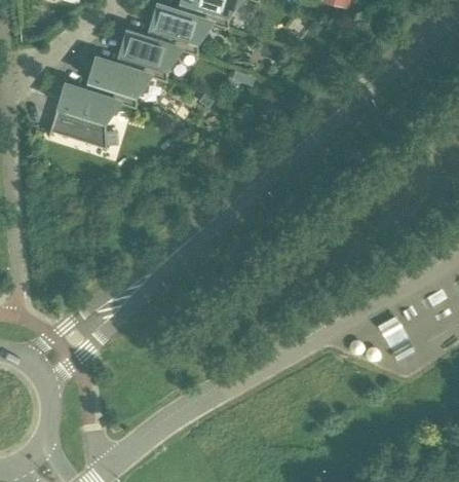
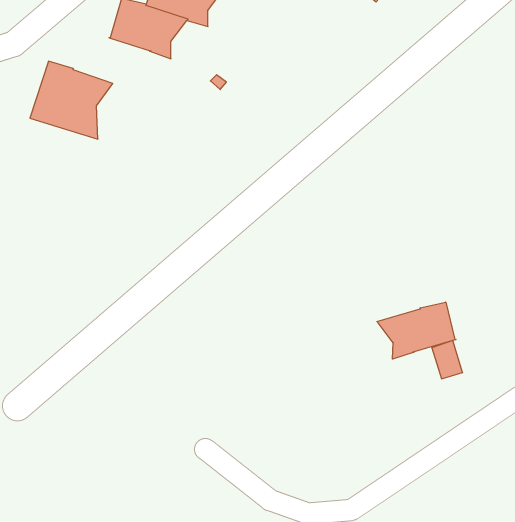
building: [86,57,151,108] -> none
building: none -> [377,302,456,359]

